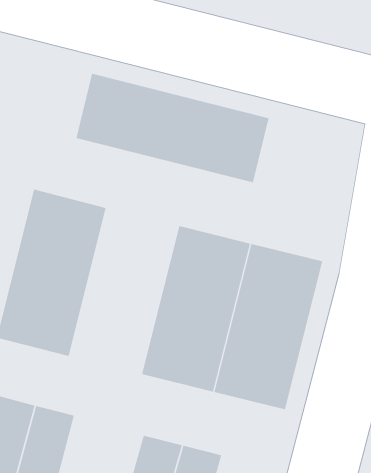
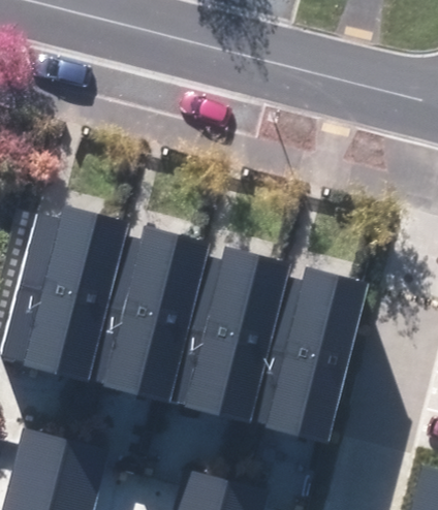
building: [76,73,270,183] -> none
building: none -> [95,230,210,405]

